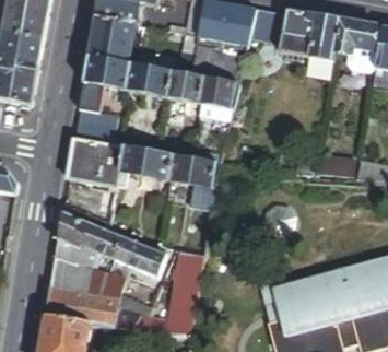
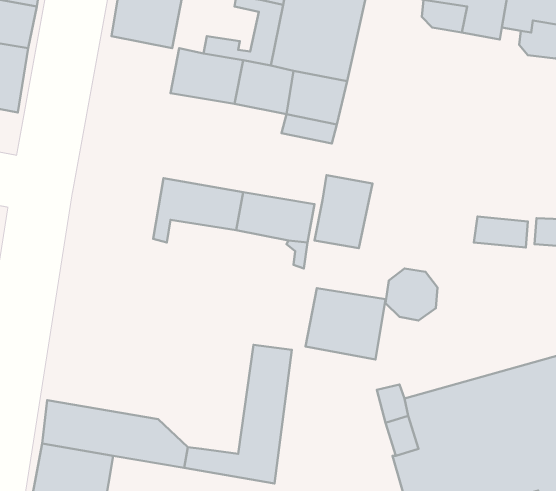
building: [75,56,132,137] -> none
building: [67,137,122,221] -> none
building: none -> [315,175,372,248]
building: [49,211,165,316] -> none
building: none -> [306,288,385,360]

